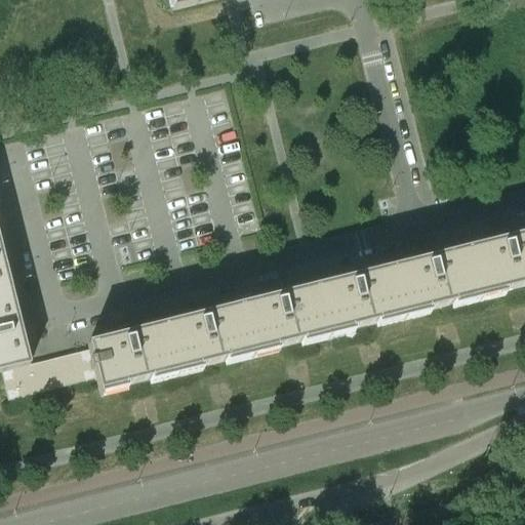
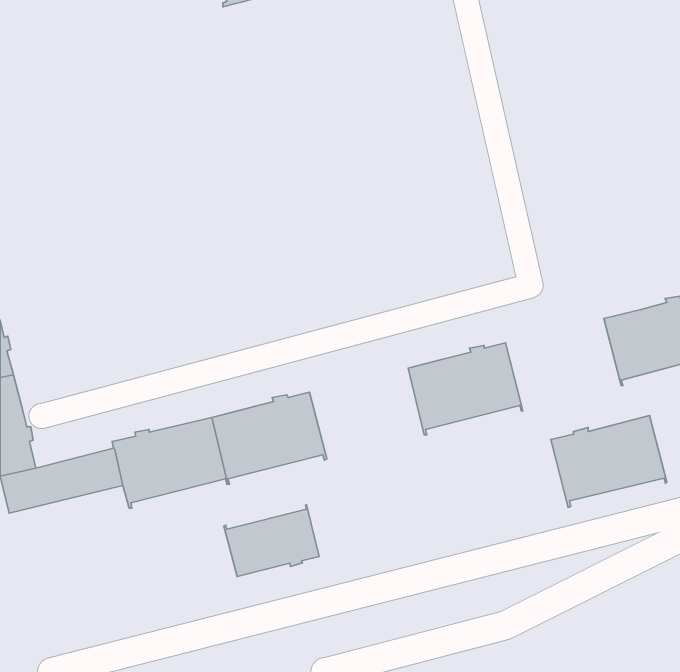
building: [390,245,479,316] -> [551,415,667,507]
building: [239,283,327,353] -> none
building: none -> [224,505,319,576]

